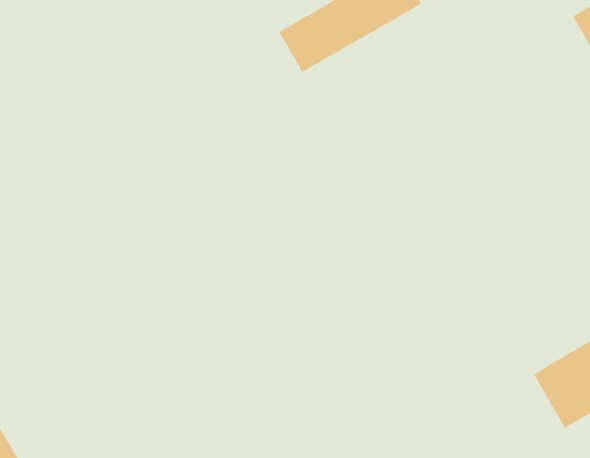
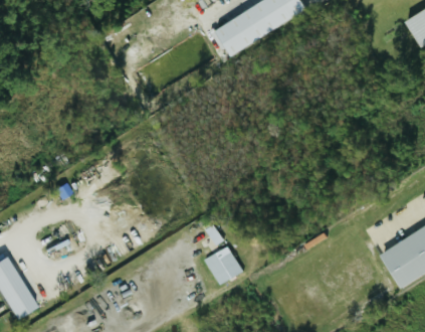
building: none -> [209,247,246,286]

